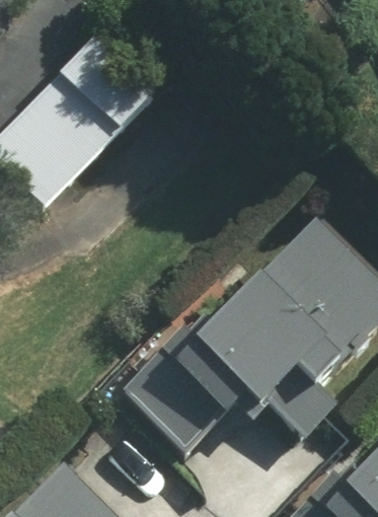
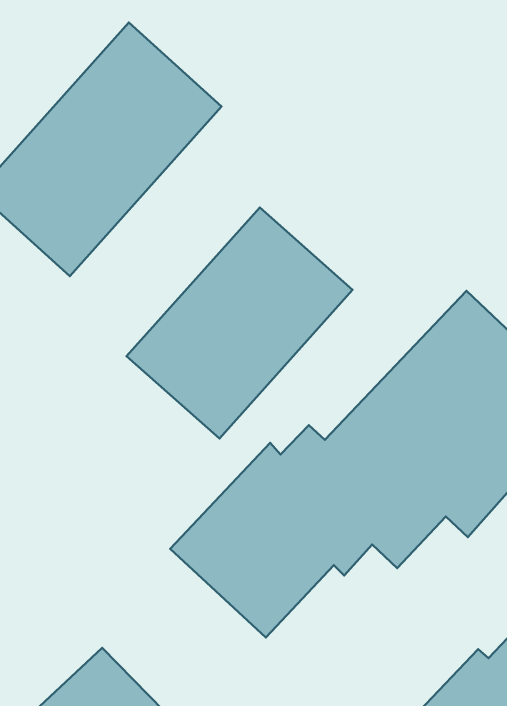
building: none -> [127,207,352,438]

